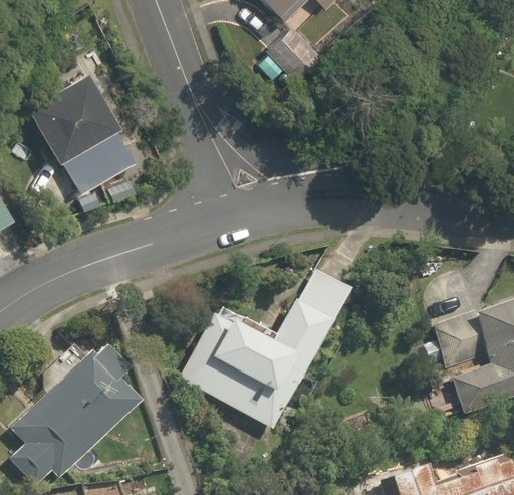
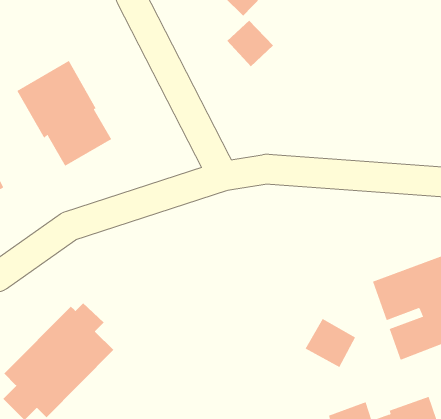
building: [180,270,351,430] -> none
building: none -> [305,318,356,368]

